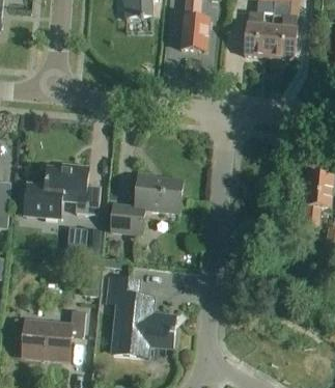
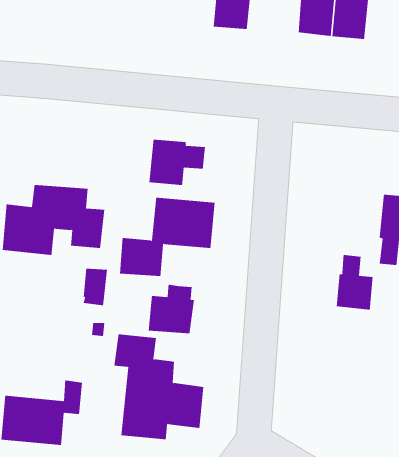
building: none -> [149,139,205,186]
building: none -> [336,254,373,311]
building: none -> [148,284,194,334]

